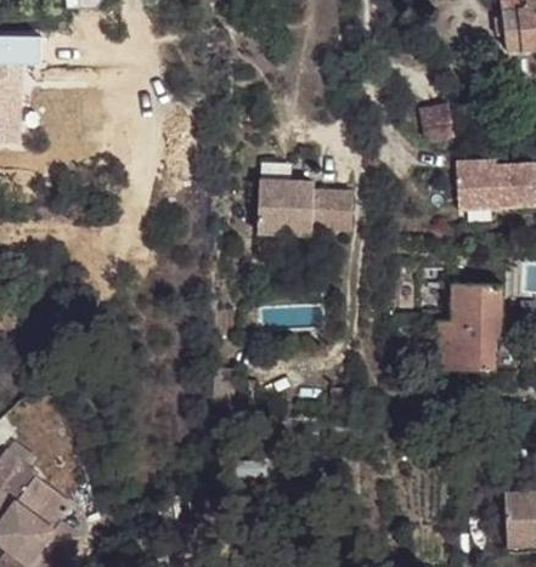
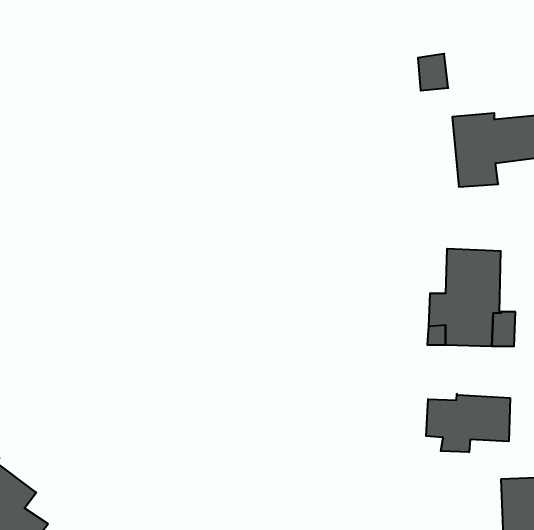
building: [256,178,354,243] -> none
building: none -> [426,394,510,452]

